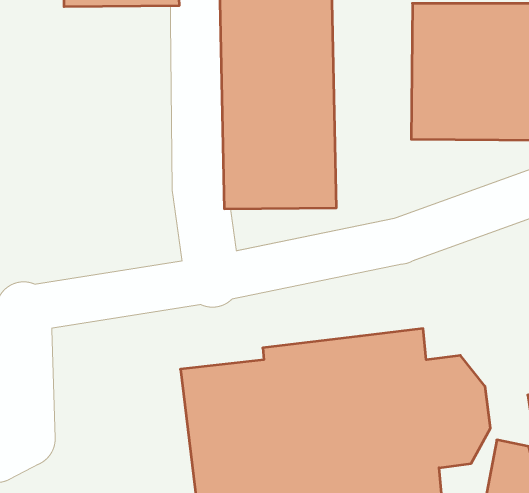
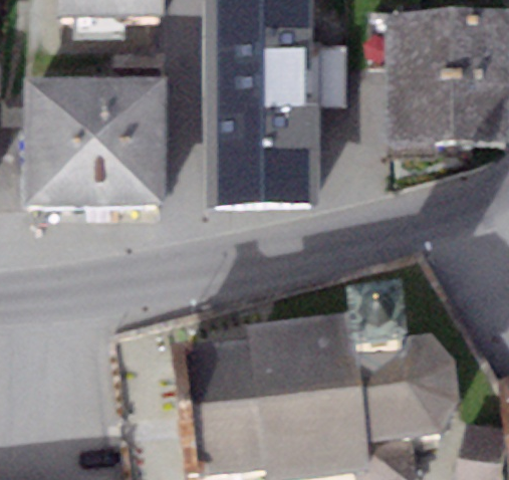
building: none -> [29,75,166,204]

